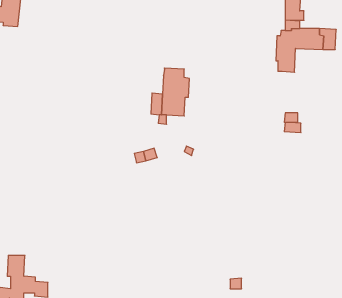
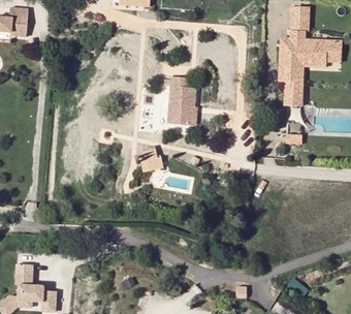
building: none -> [287,58,327,103]

